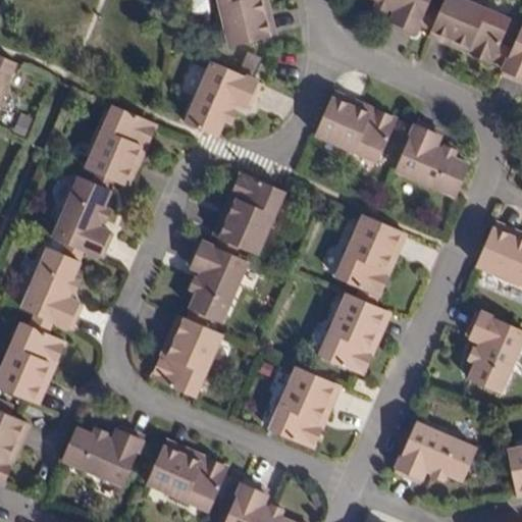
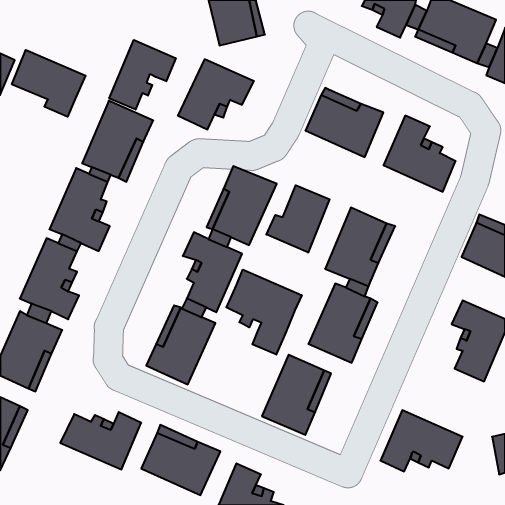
building: none -> [109,40,176,110]
building: none -> [12,50,86,117]
building: none -> [266,185,330,253]
building: none -> [226,270,302,355]

